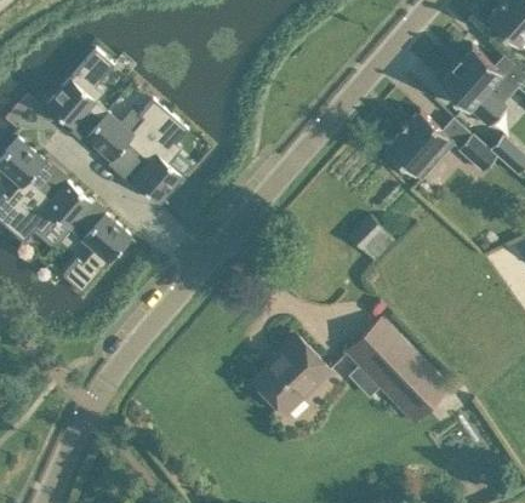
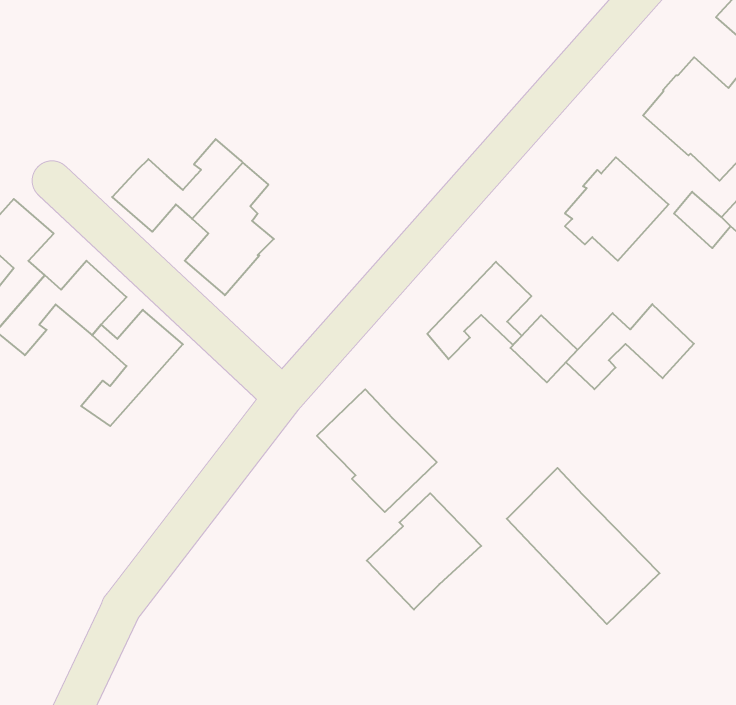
building: [47,50,114,128] -> none
building: none -> [427,262,531,359]
building: none -> [566,304,694,389]
building: none -> [317,389,437,512]

